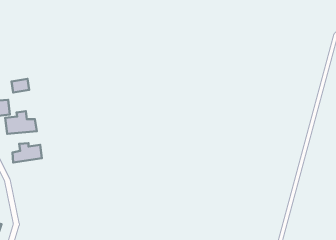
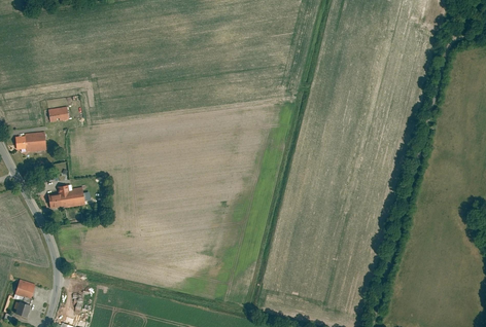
building: [5,111,37,134] -> none

